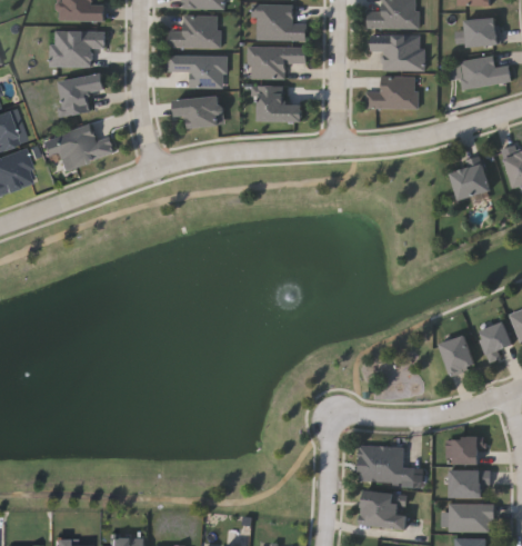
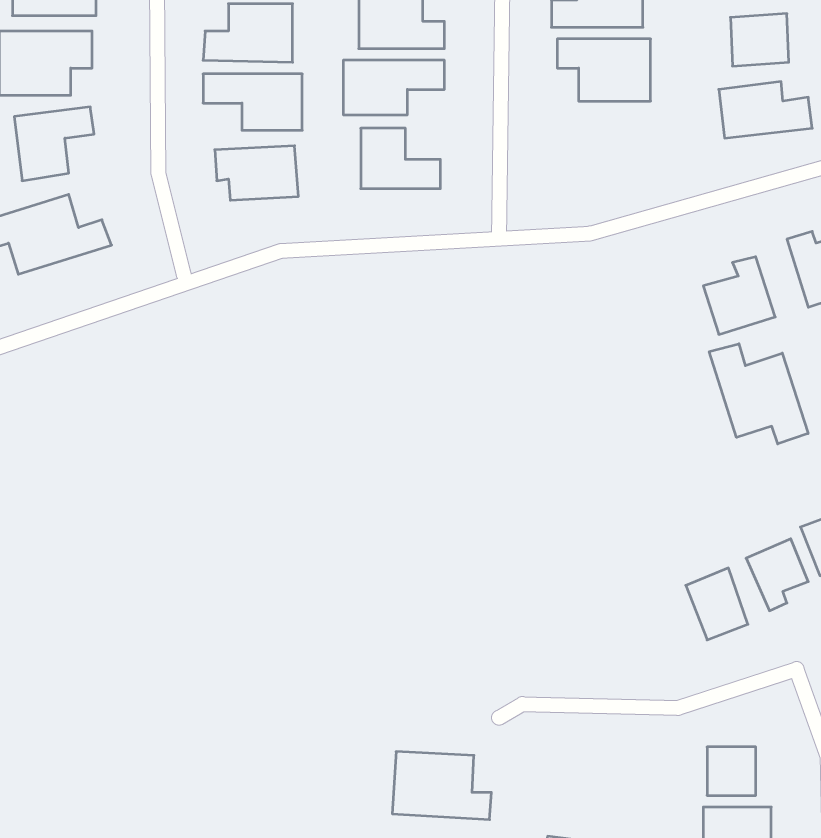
building: [364,77,415,108] -> none
building: none -> [709,344,808,444]
building: [357,445,413,484] -> [392,752,491,820]

